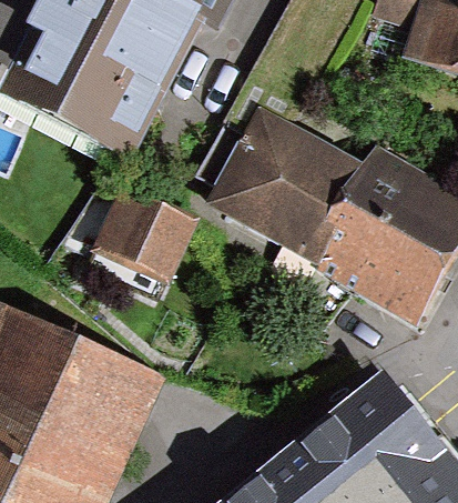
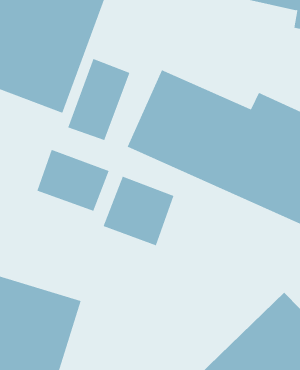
building: none -> [67,58,130,141]
building: none -> [103,176,174,246]

